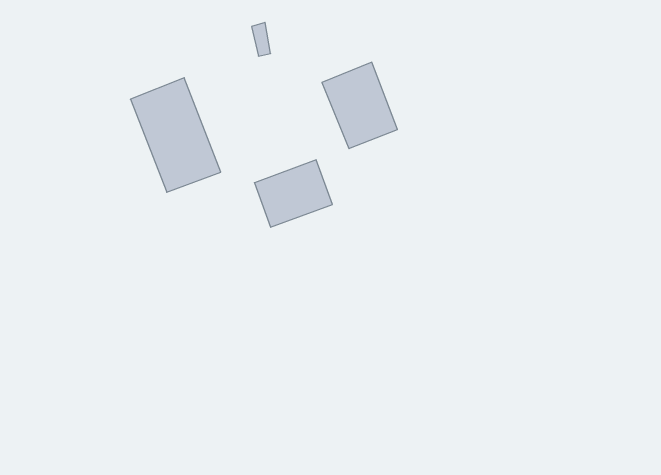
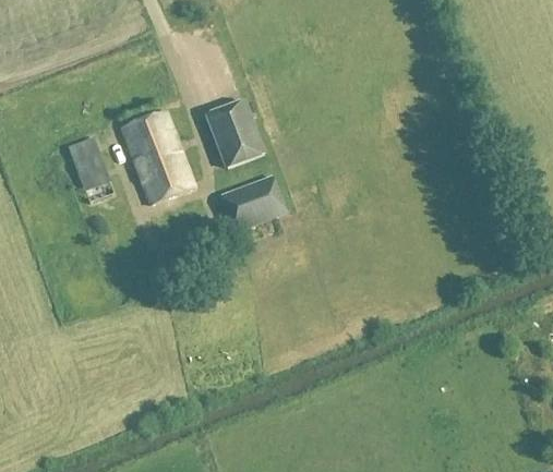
building: [322,62,397,149] -> [203,97,264,167]
building: none -> [69,136,105,176]

